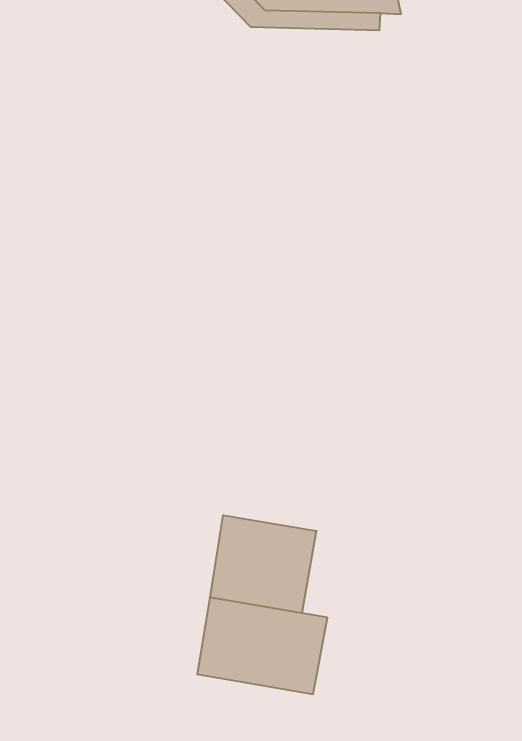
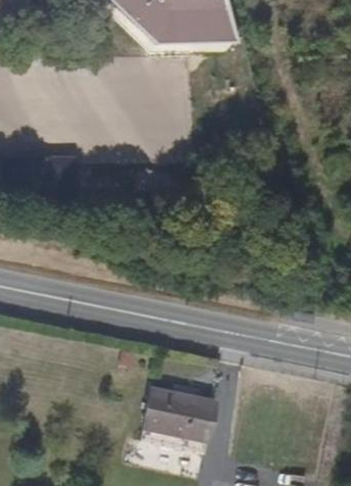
building: [210,515,316,613] -> none

